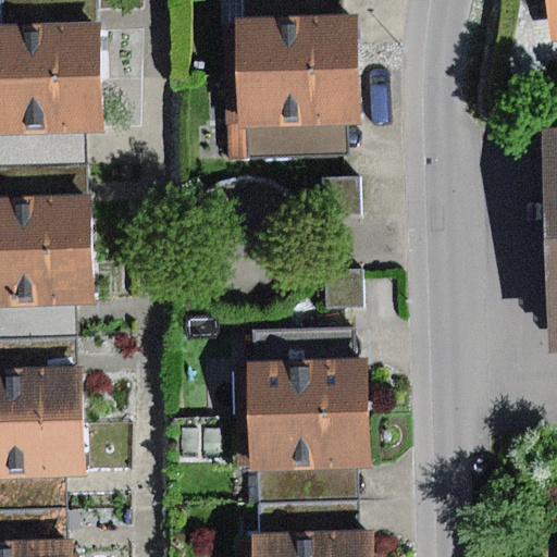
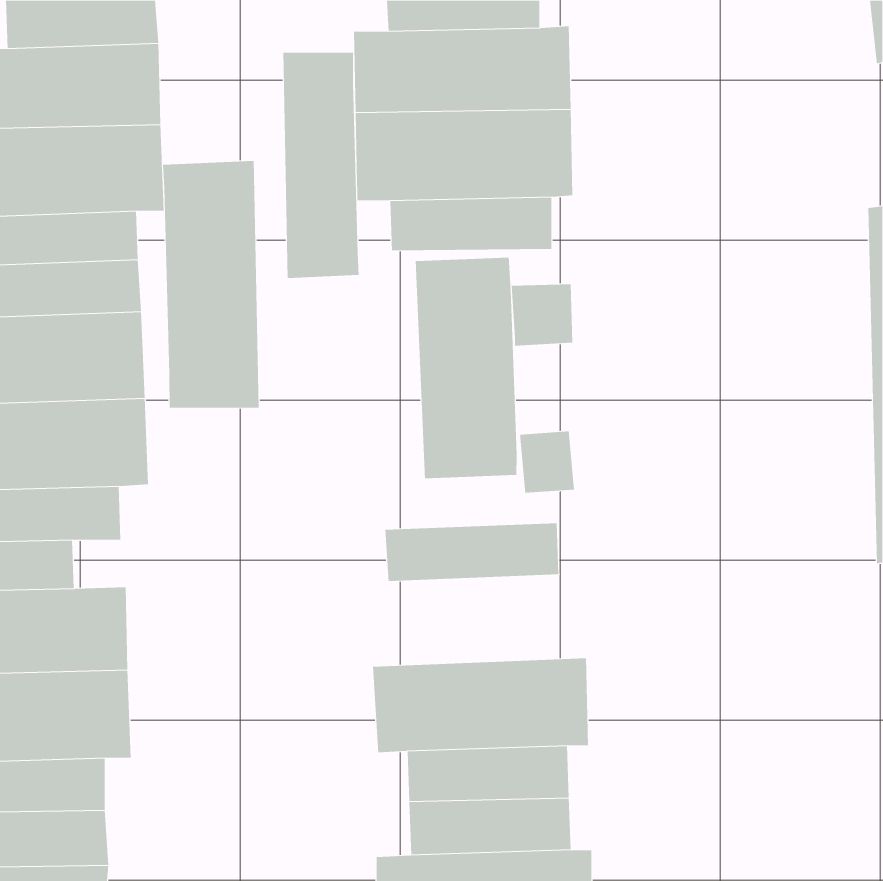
building: none -> [283,52,359,279]
building: none -> [163,160,259,408]
building: none -> [415,257,517,479]
building: [232,363,369,421] -> none

